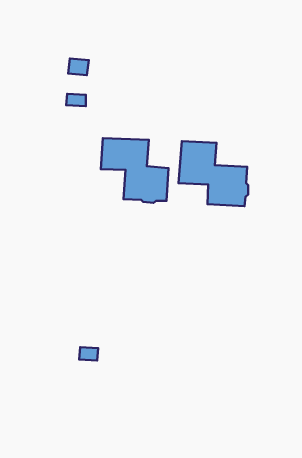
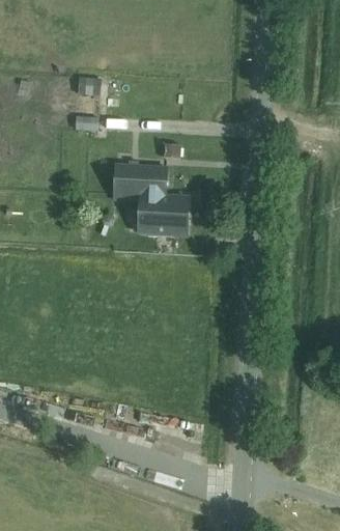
building: [179,141,248,206] -> none

